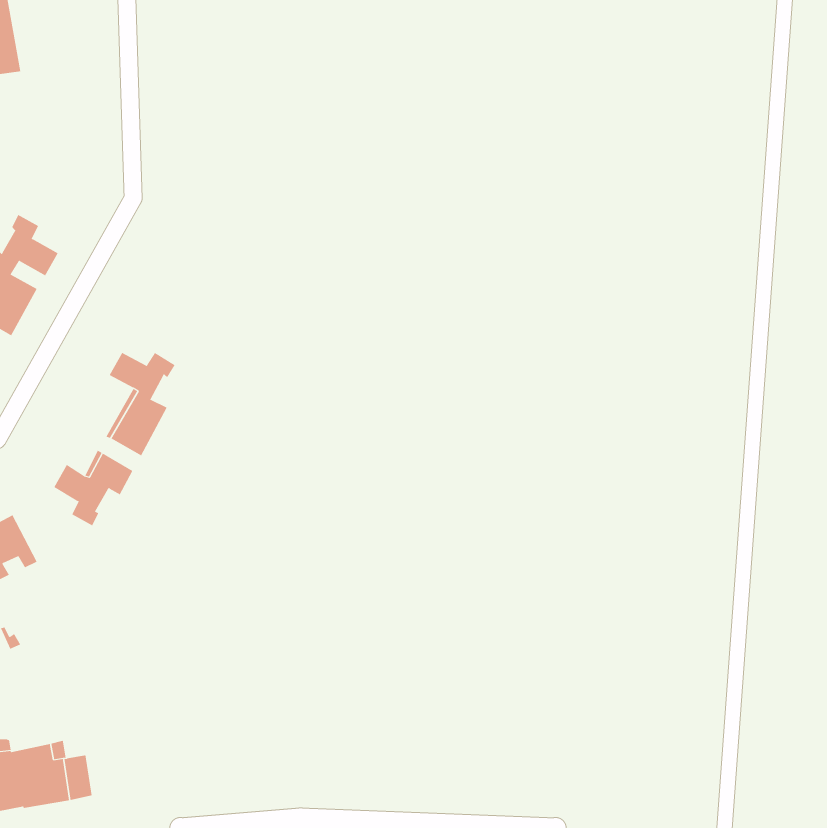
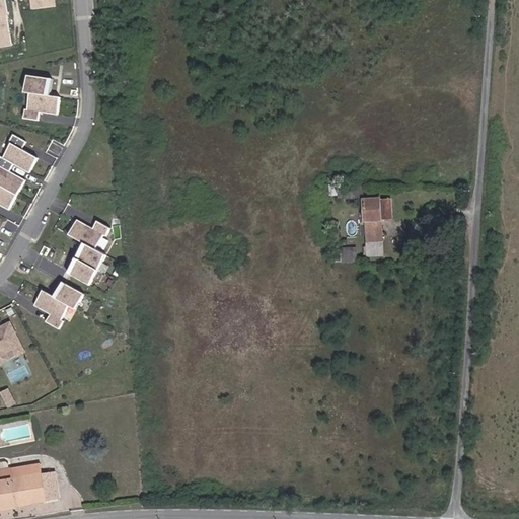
building: none -> [22,76,59,121]
building: none -> [363,198,391,254]

